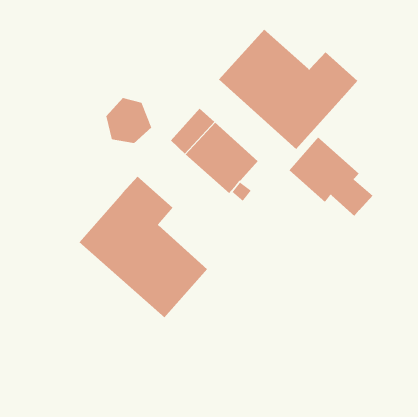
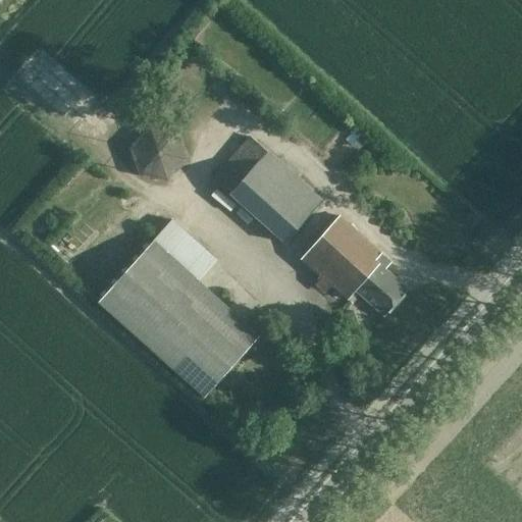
building: [218,29,358,150] -> none
building: [288,137,373,217] -> [302,216,408,316]

